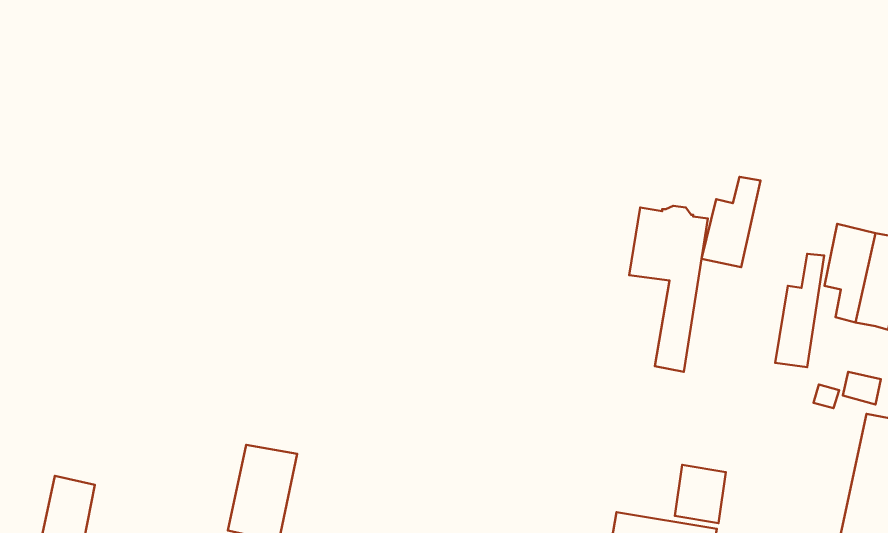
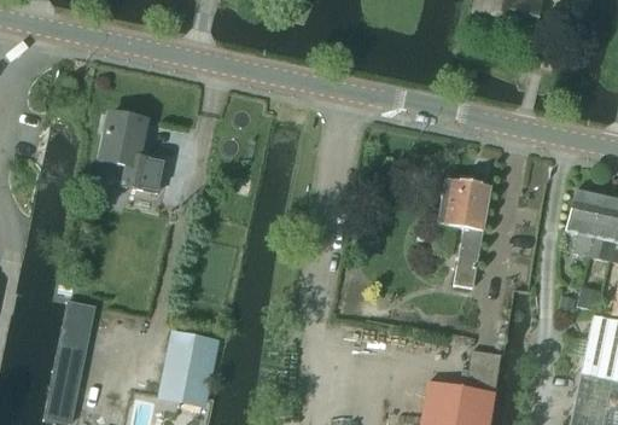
building: none -> [100,112,164,192]
building: [701,177,761,267] -> none
building: [775,254,824,367] -> none
building: none -> [60,301,94,343]

